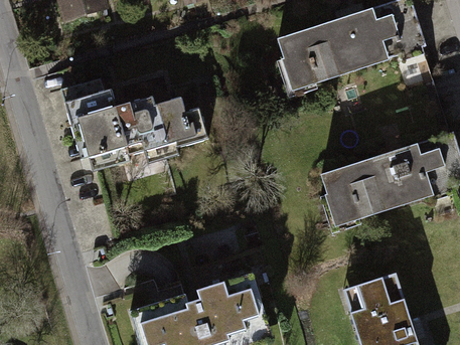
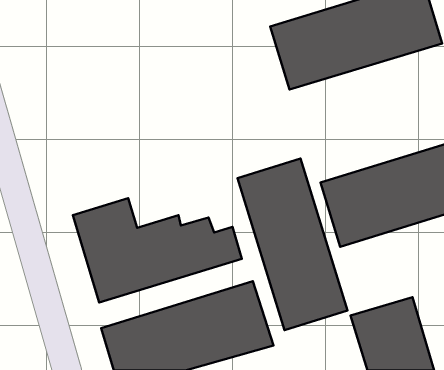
building: [62,84,210,176] -> [73,198,242,302]
building: none -> [238,159,347,330]

